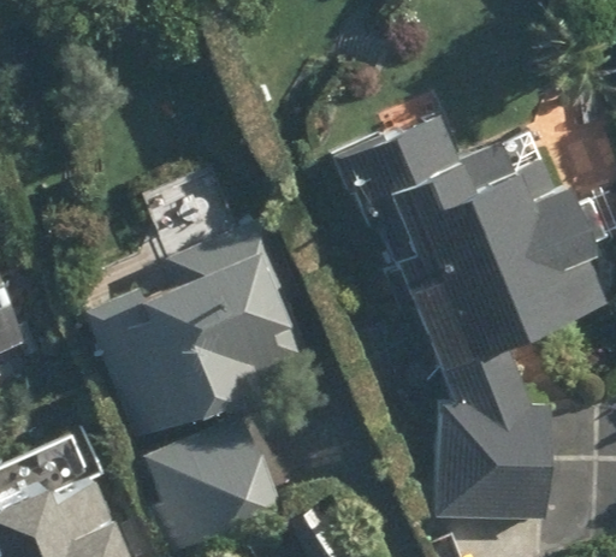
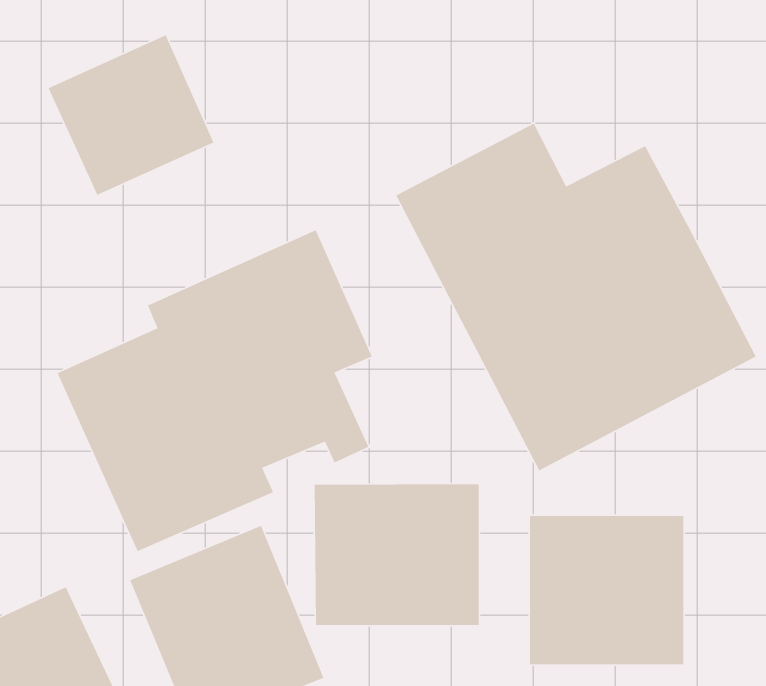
building: none -> [47,34,215,196]
building: none -> [314,484,479,626]

